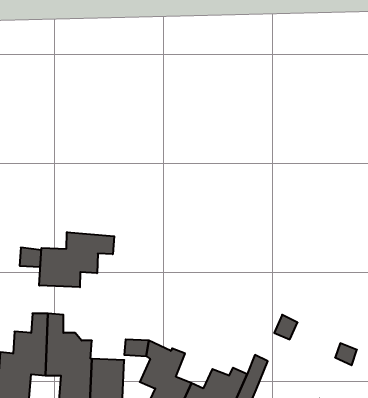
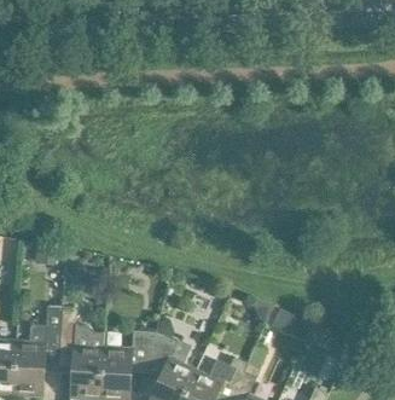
building: [39,232,114,287] -> none

